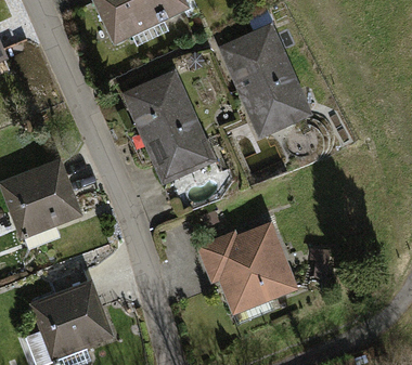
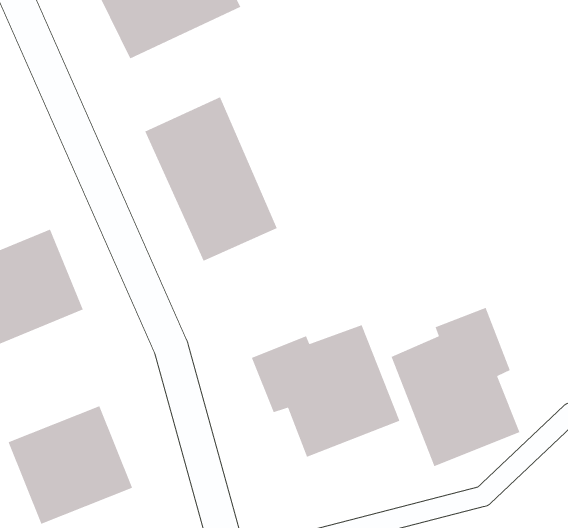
building: [216,24,312,139] -> none
building: none -> [390,307,521,467]

